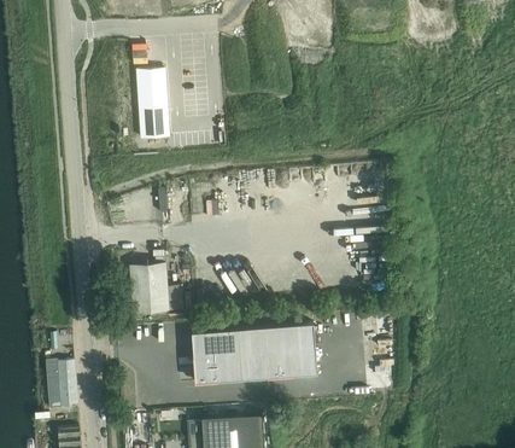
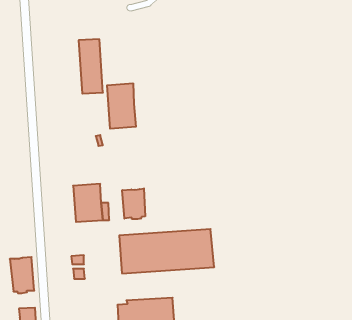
building: none -> [107,83,136,129]
building: none -> [122,188,145,219]

